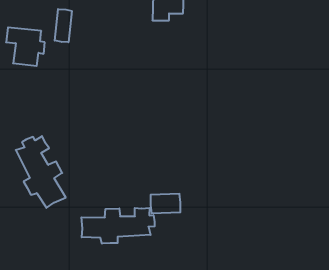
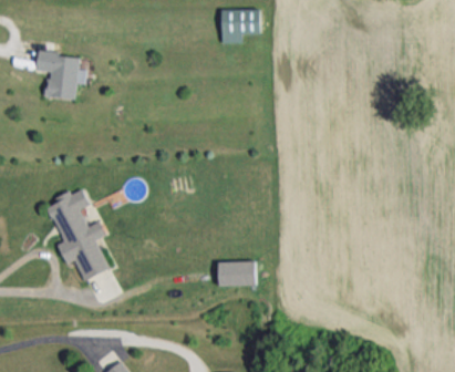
building: [55,9,72,42] -> none
building: [81,208,155,244] -> none

